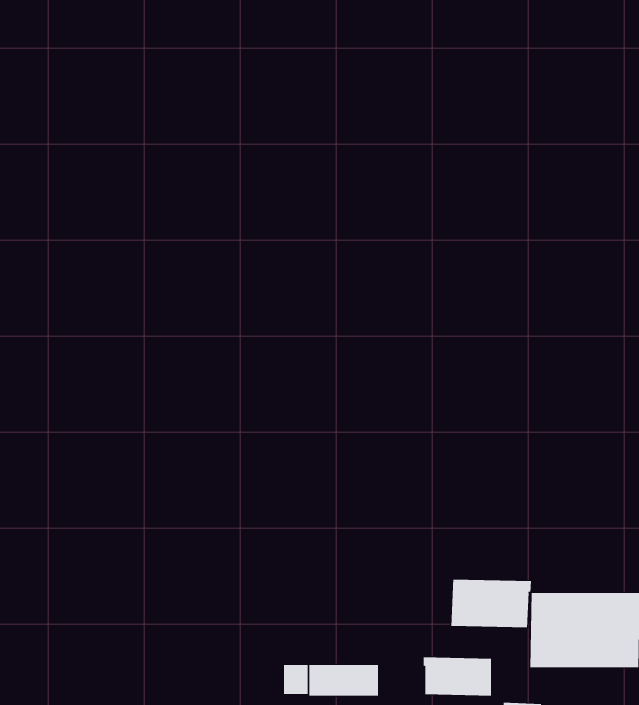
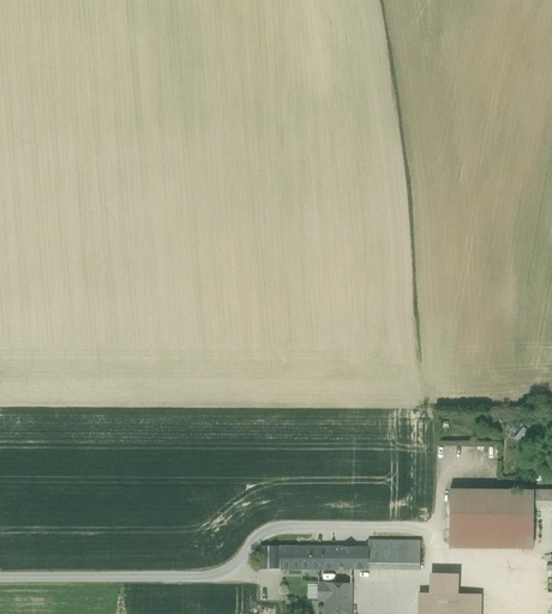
building: [451,579,531,628] -> none
building: none -> [334,544,368,568]

